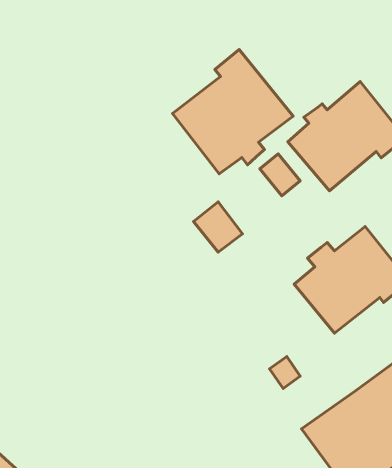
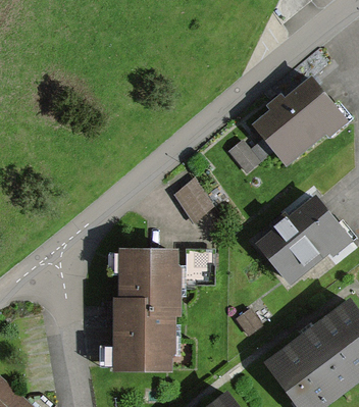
building: [173,50,293,174] -> none
building: none -> [111,250,181,369]

